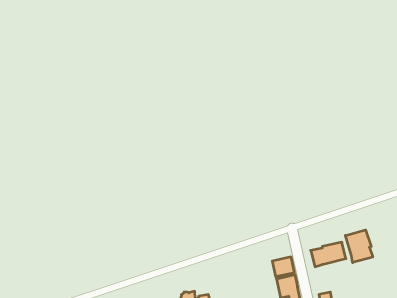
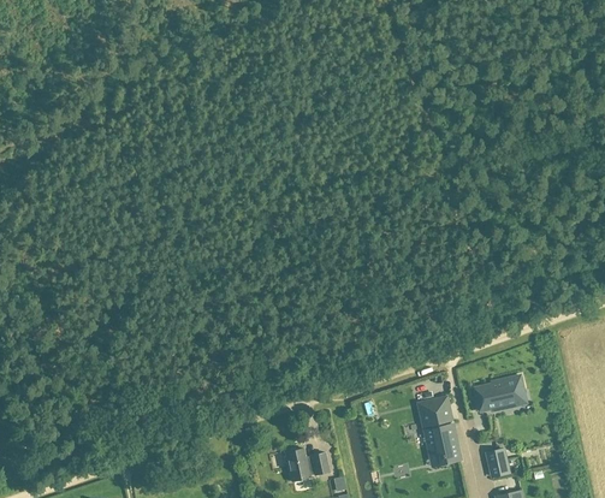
building: [345,230,373,263] -> none

